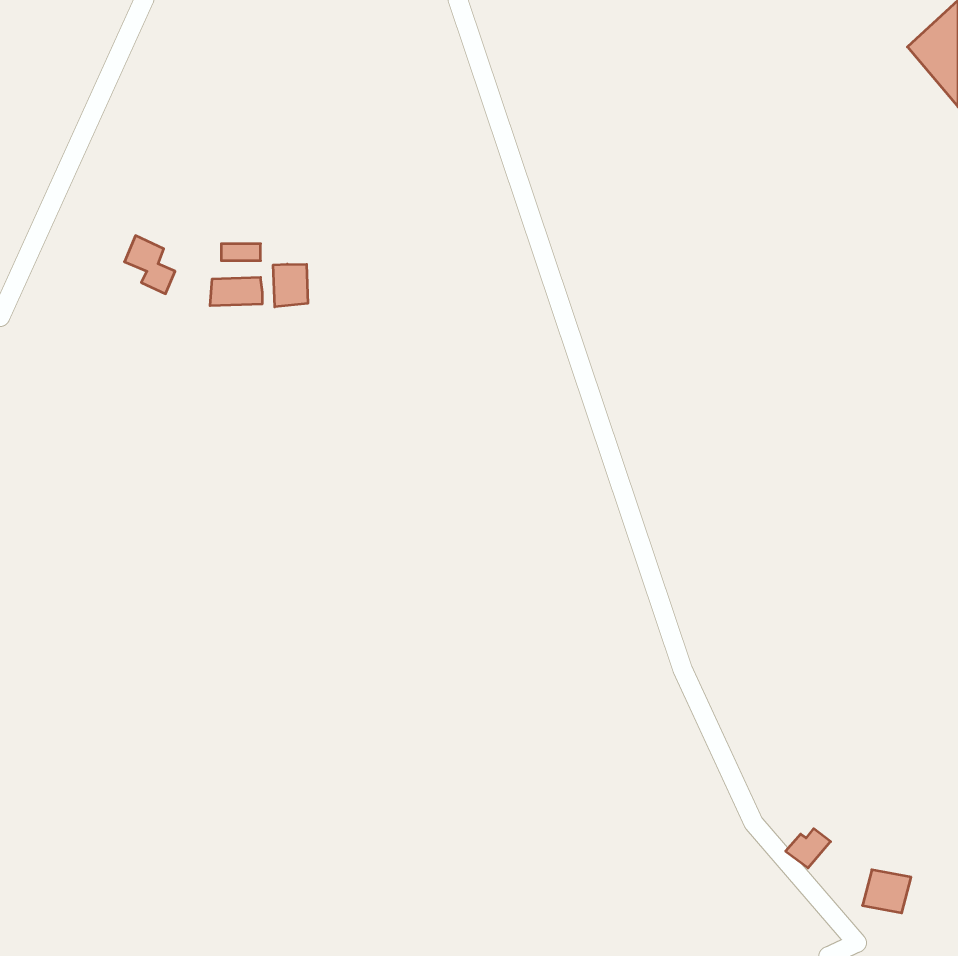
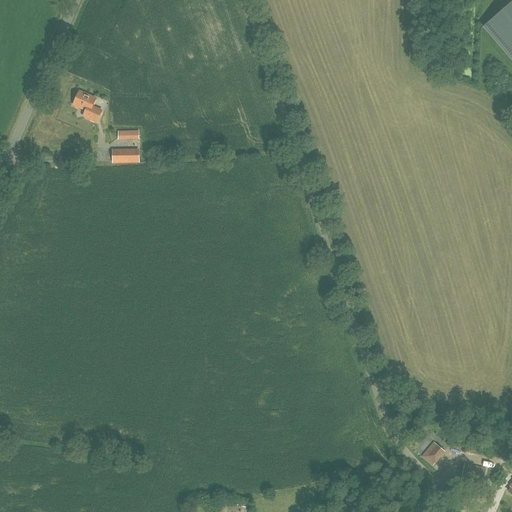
building: [124,236,175,294] -> [74,90,101,121]
building: [273,264,308,307] -> none

